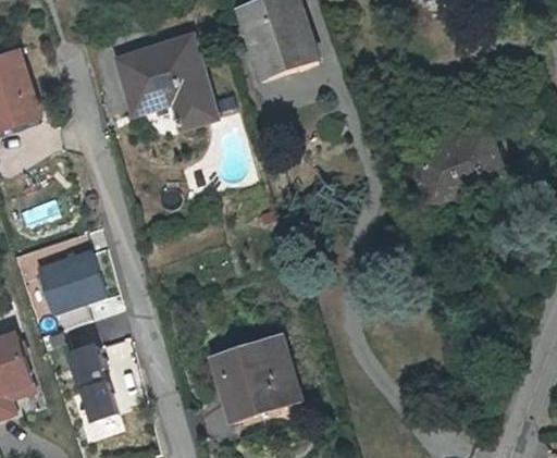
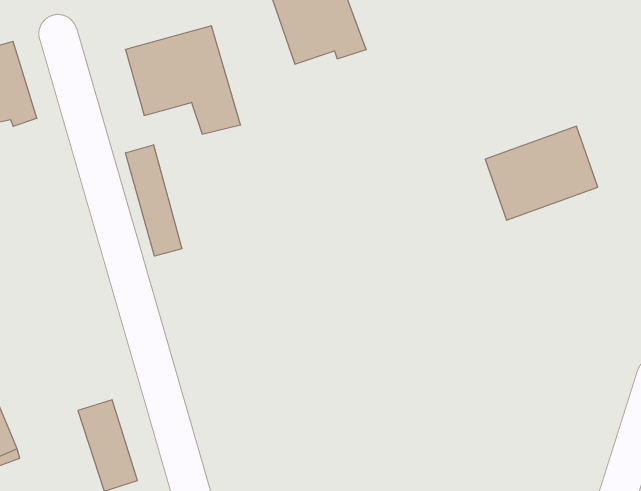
building: none -> [126,145,182,256]
building: [41,252,107,314] -> none
building: [215,334,294,414] -> none

